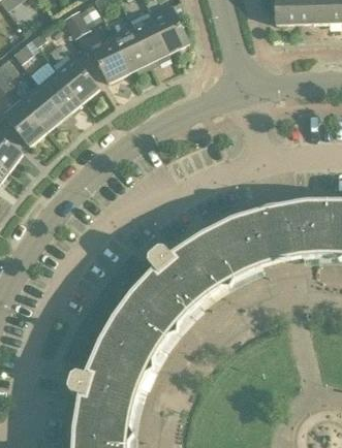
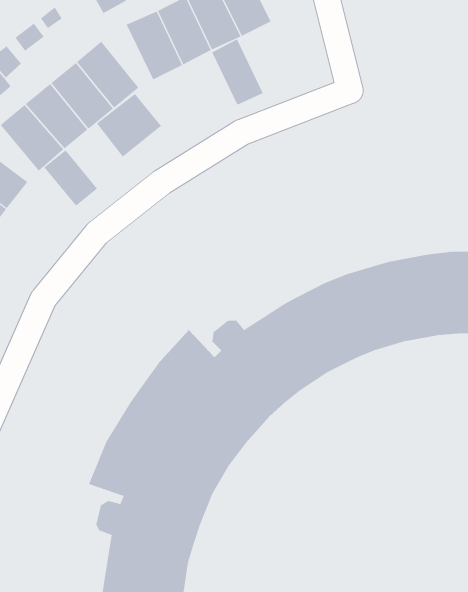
building: none -> [211,38,263,106]
building: none -> [96,93,162,157]
building: none -> [44,150,98,207]

